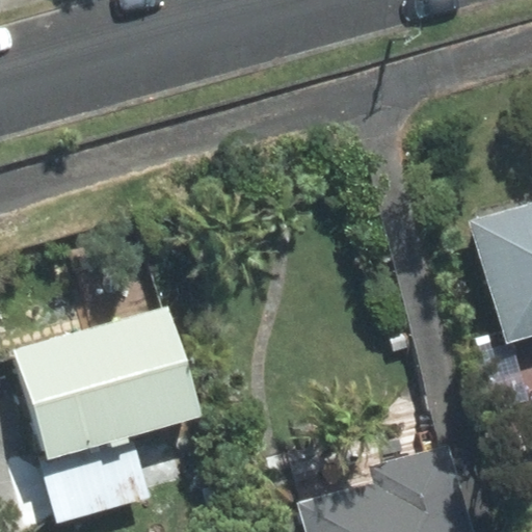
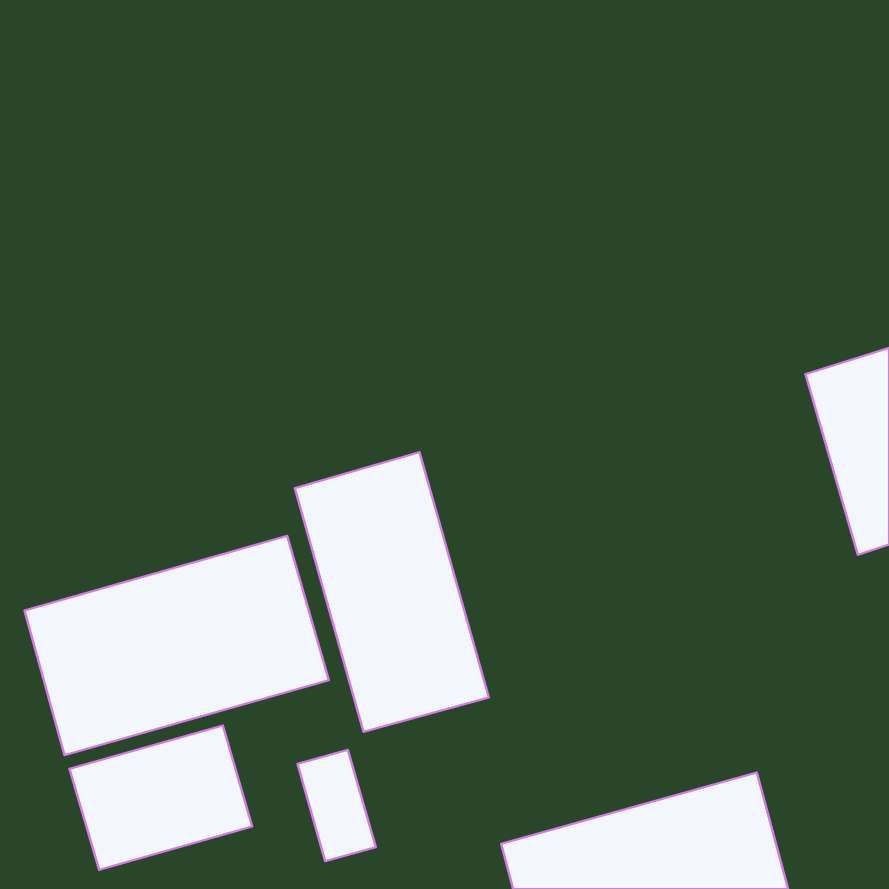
building: none -> [295,452,489,732]

